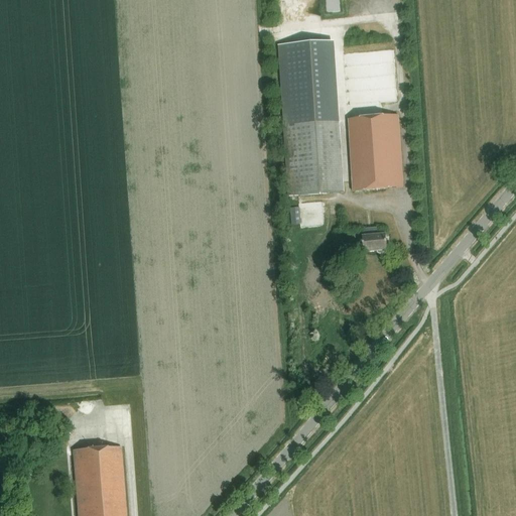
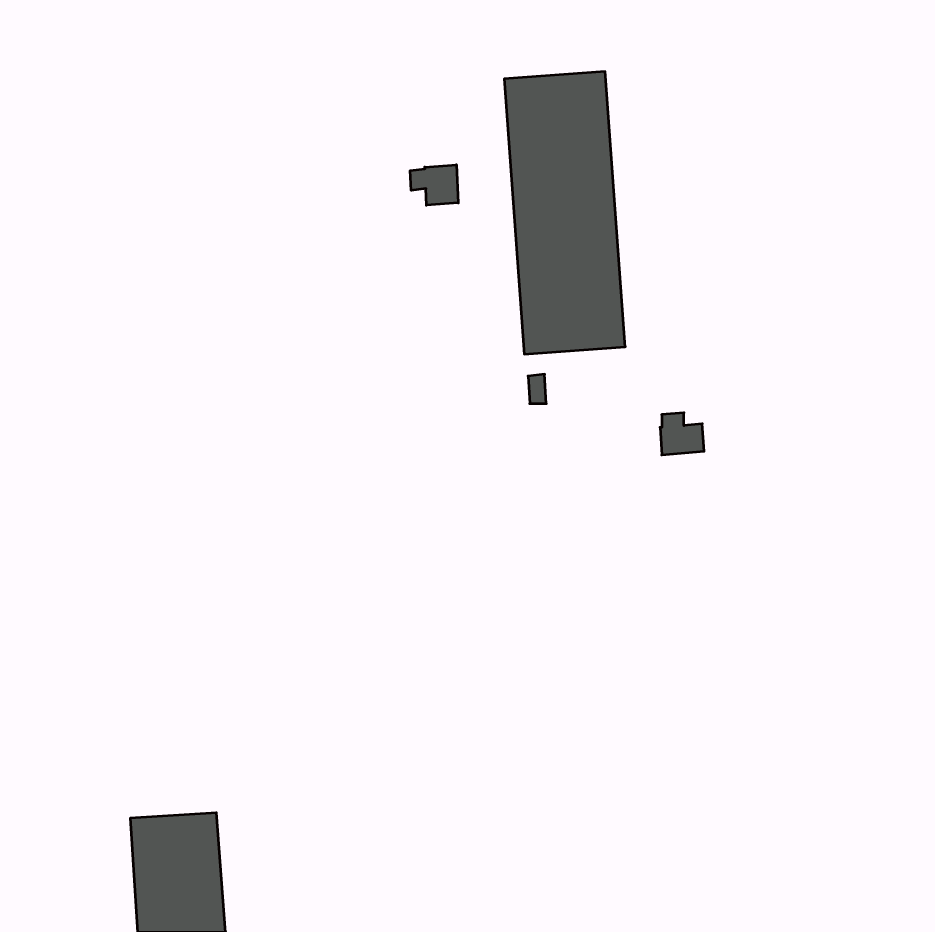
building: none -> [410,165,458,205]
building: [349,114,402,190] -> none

